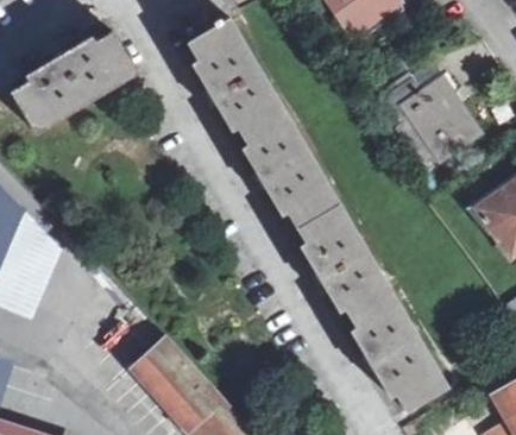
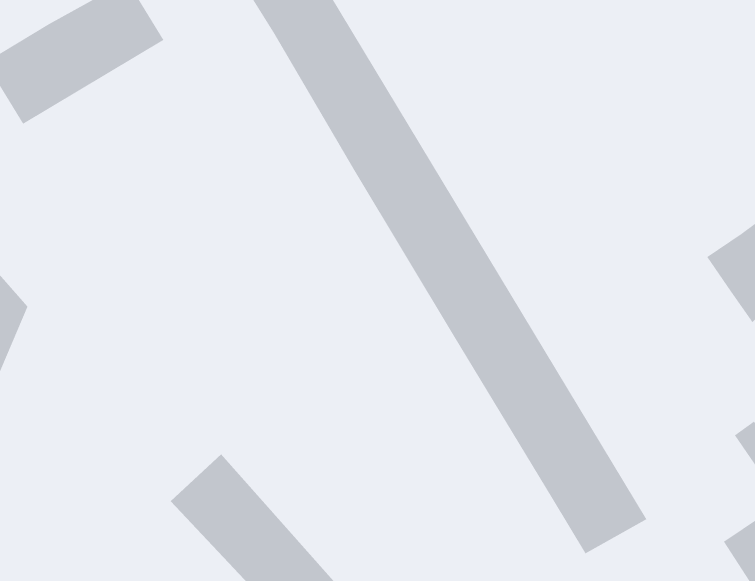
building: [382,76,477,160] -> none

